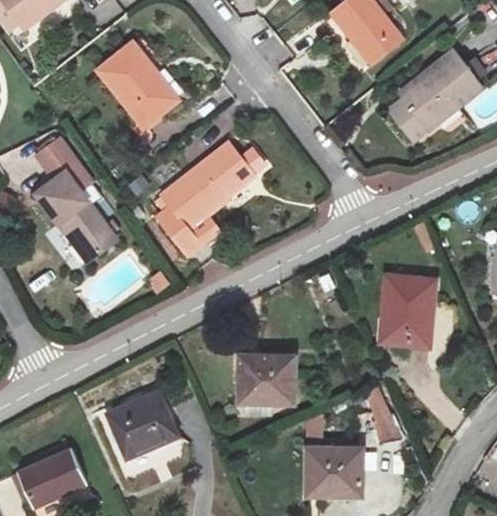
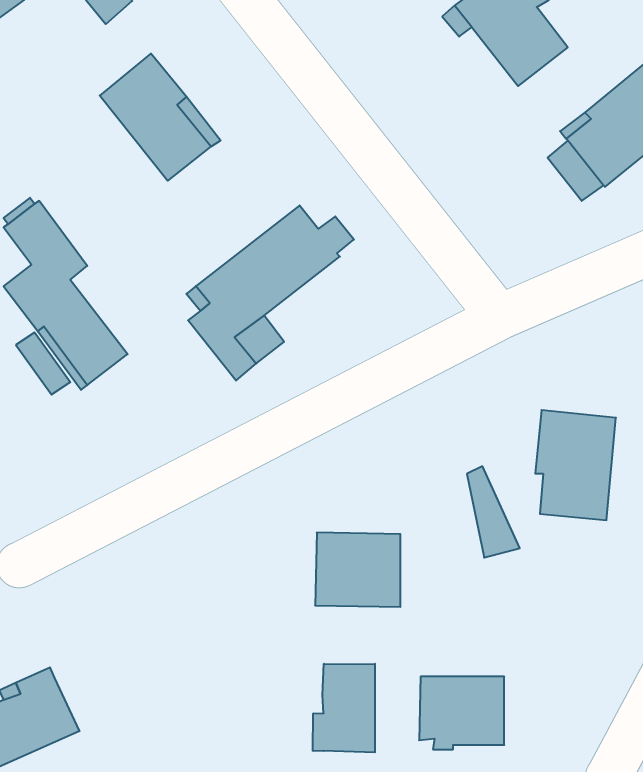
building: [368,385,402,444] -> [467,466,520,558]
building: [104,390,178,461] -> none
building: none -> [313,664,375,752]

